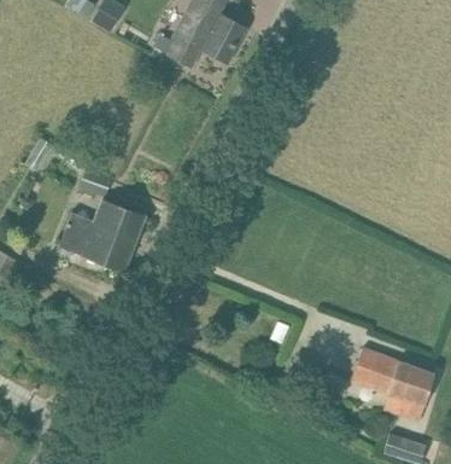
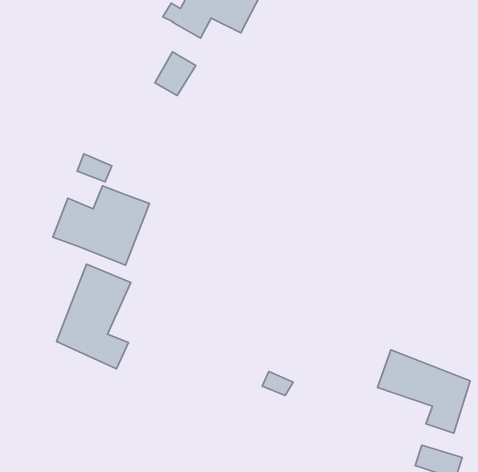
building: none -> [155,52,196,96]
building: none -> [57,264,131,369]

